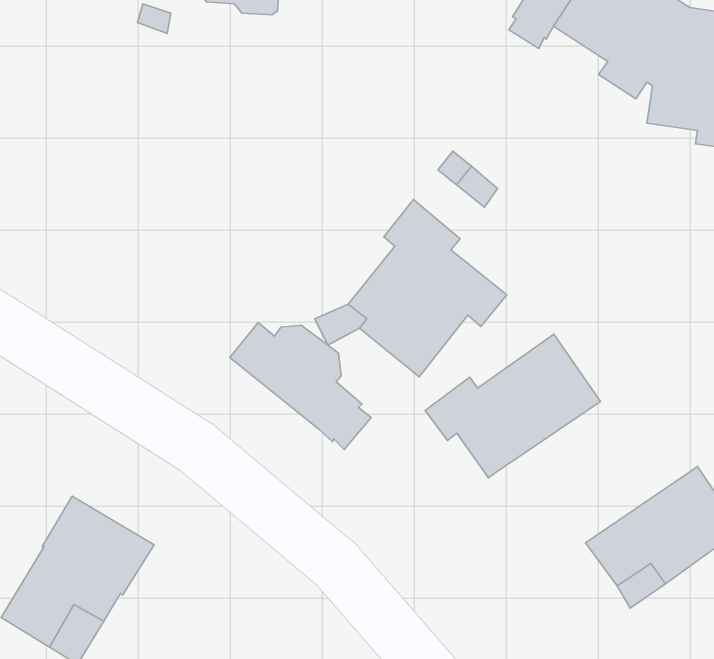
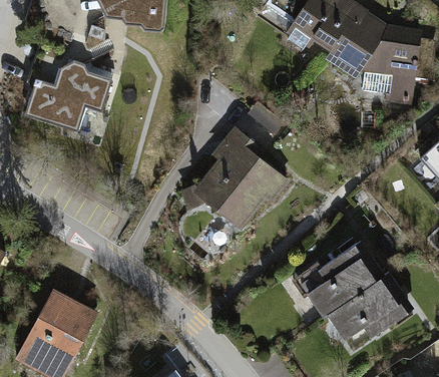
building: none -> [26,50,113,130]
building: [230,323,371,450] -> none
building: [425,334,601,478] -> [292,240,386,317]

